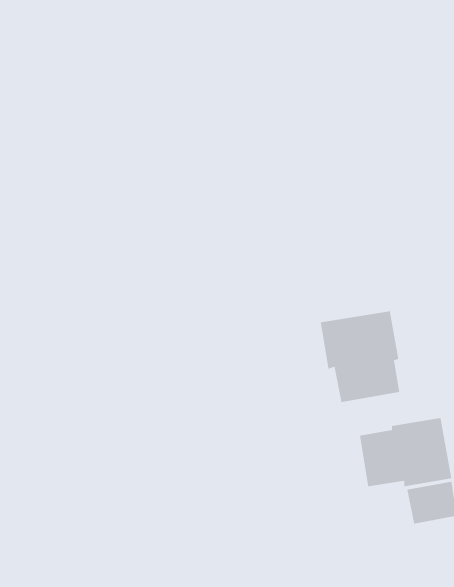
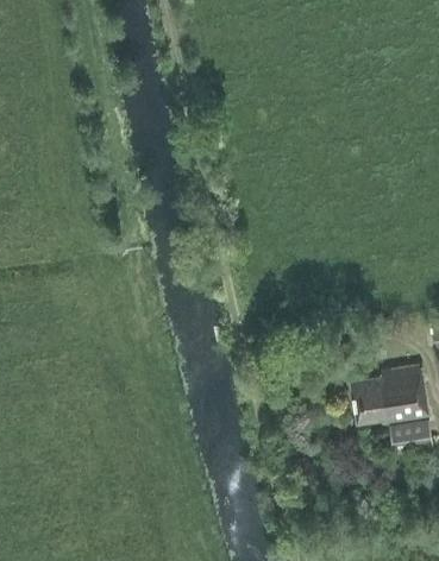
building: [320,310,400,403] -> none

